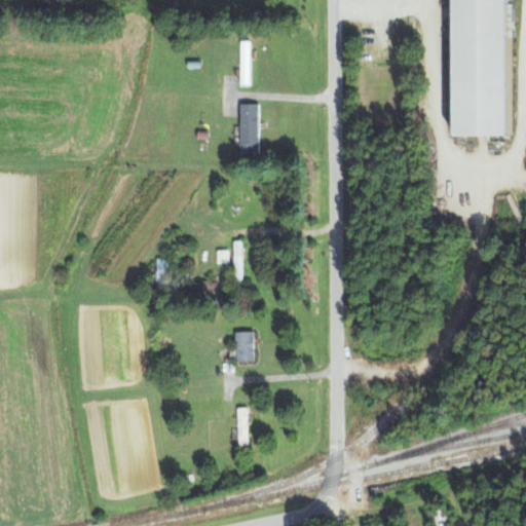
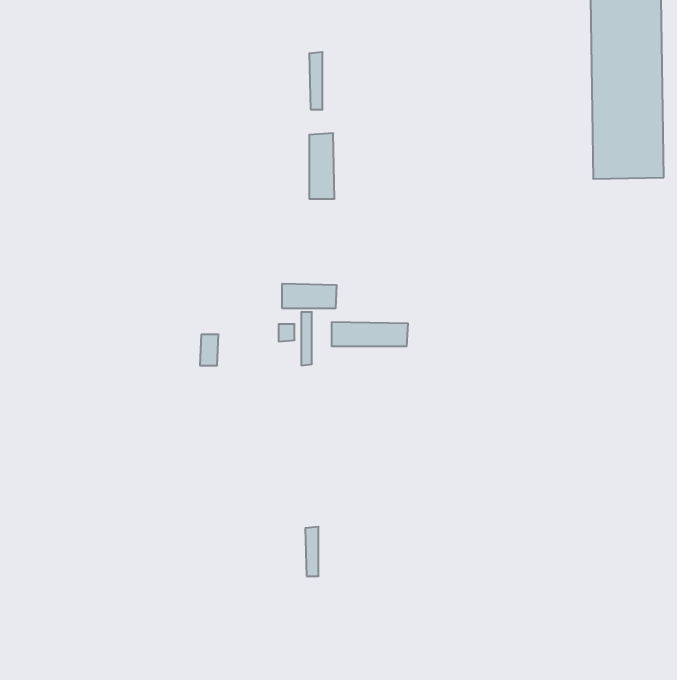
building: none -> [282,284,337,308]
building: none -> [332,322,408,346]
building: [233,329,253,360] -> none

